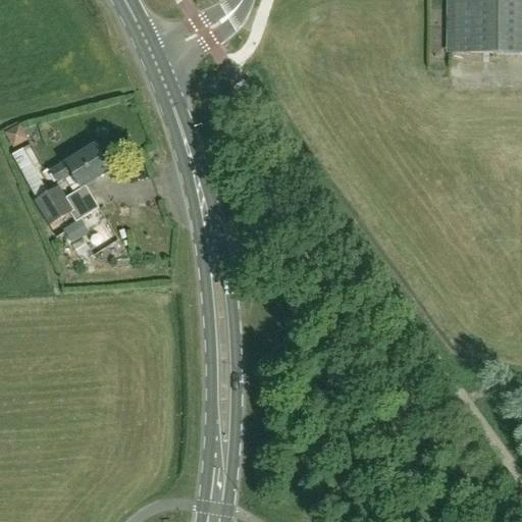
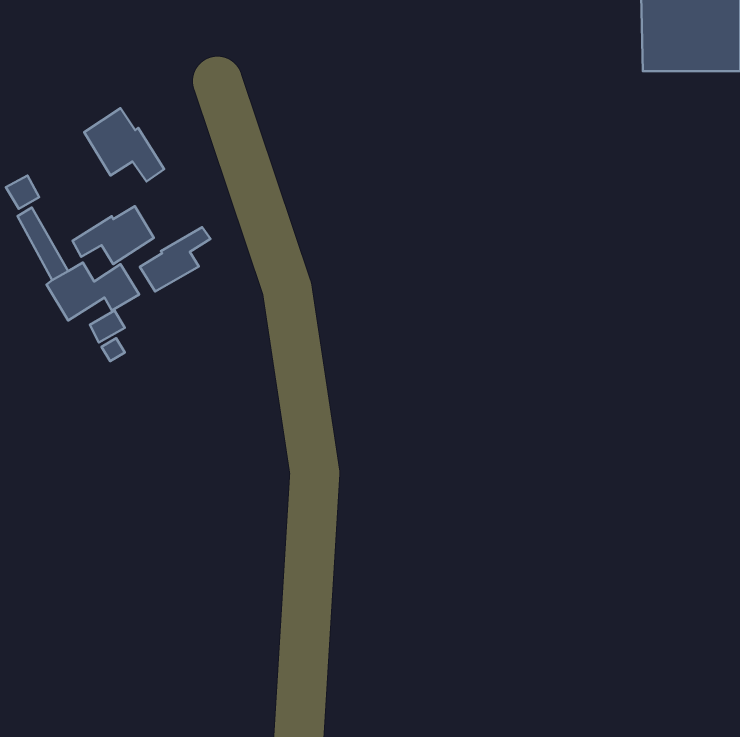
building: none -> [84,108,164,182]
building: none -> [140,227,210,291]

